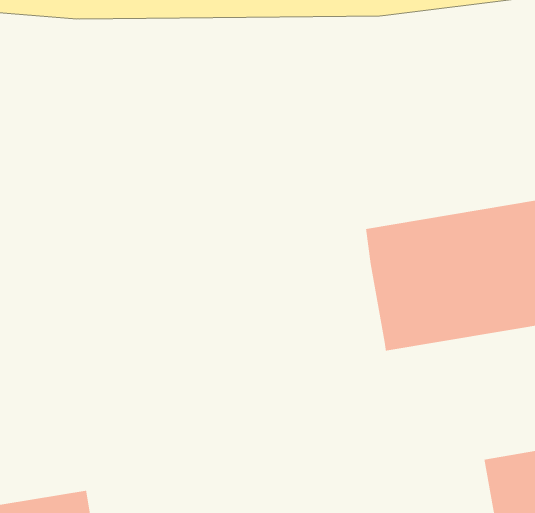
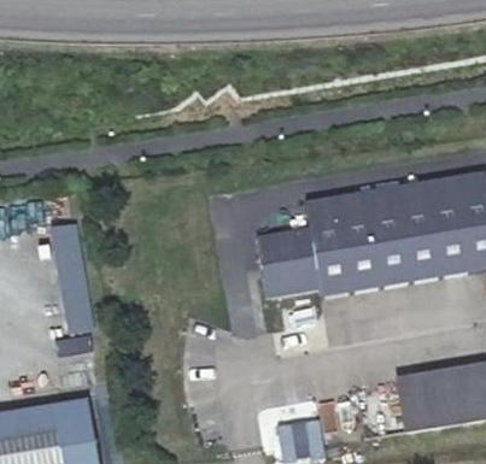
building: none -> [49,222,94,333]
building: none -> [253,227,320,296]

